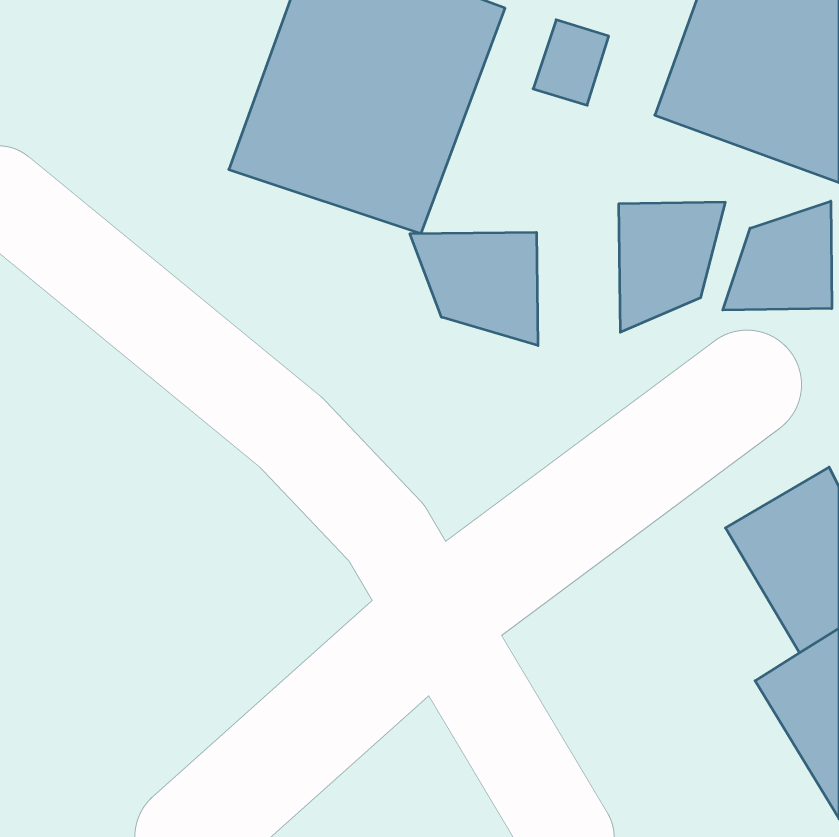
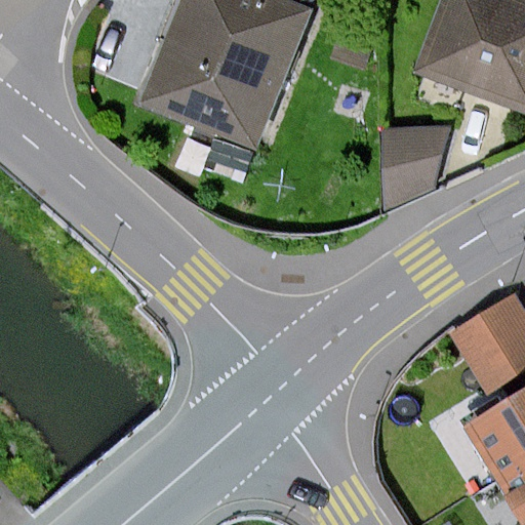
building: [723,201,832,310] -> none
building: [410,232,538,346] -> none

